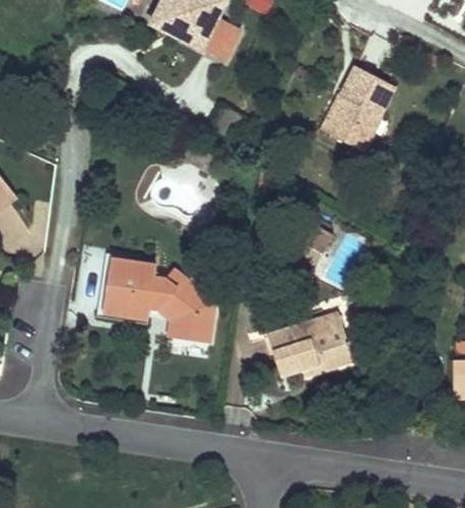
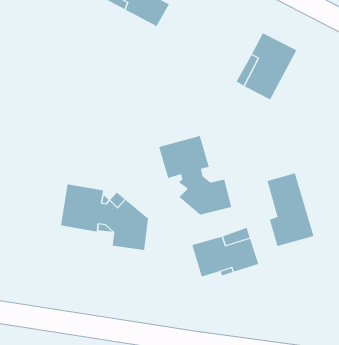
building: none -> [159,135,232,215]
building: none -> [267,172,314,247]

